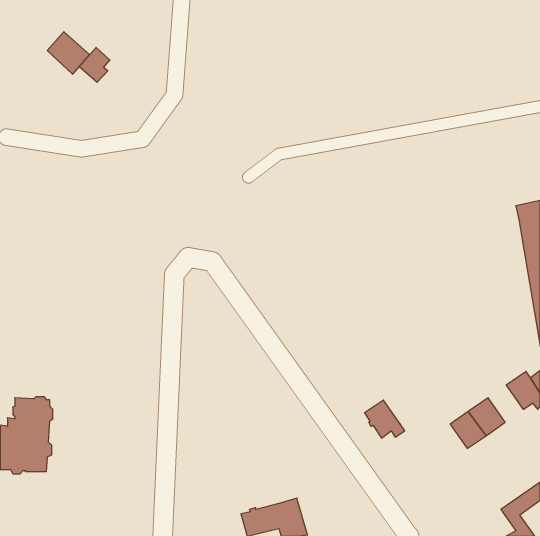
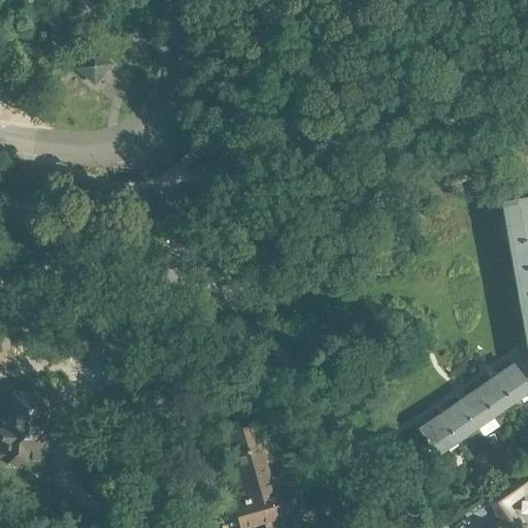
building: [47,32,90,74] -> none
building: none -> [476,376,510,412]
building: [365,400,405,438] -> [421,415,460,452]
building: none -> [231,424,273,498]

